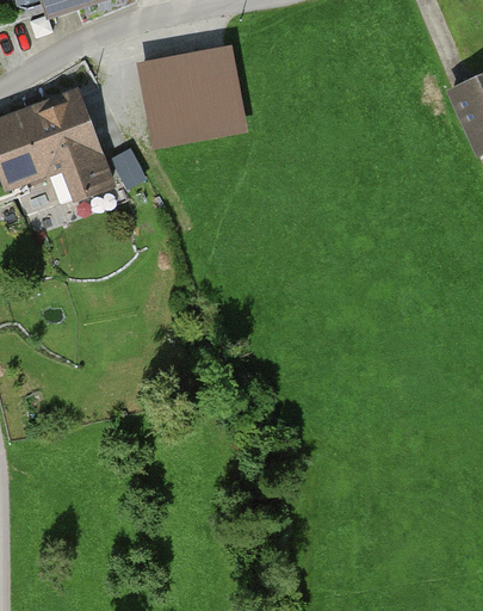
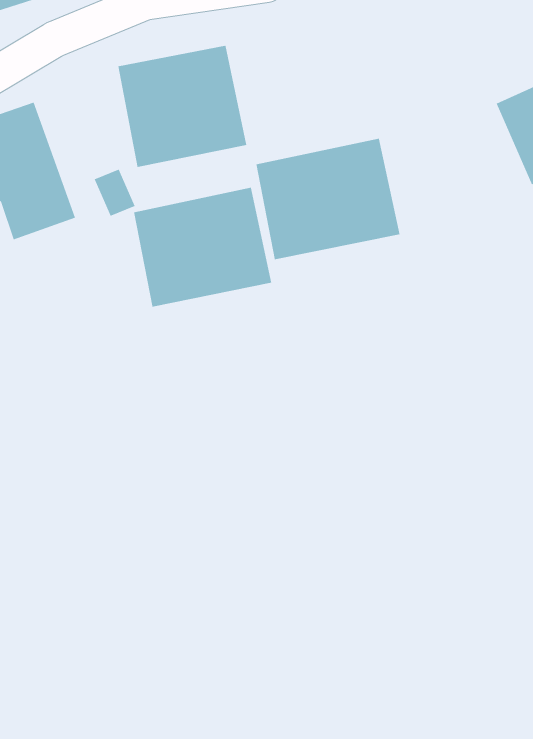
building: none -> [256,138,400,260]
building: none -> [133,187,272,307]

